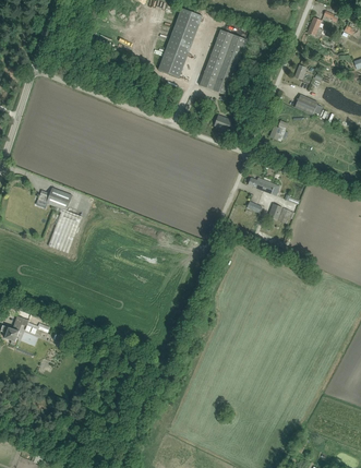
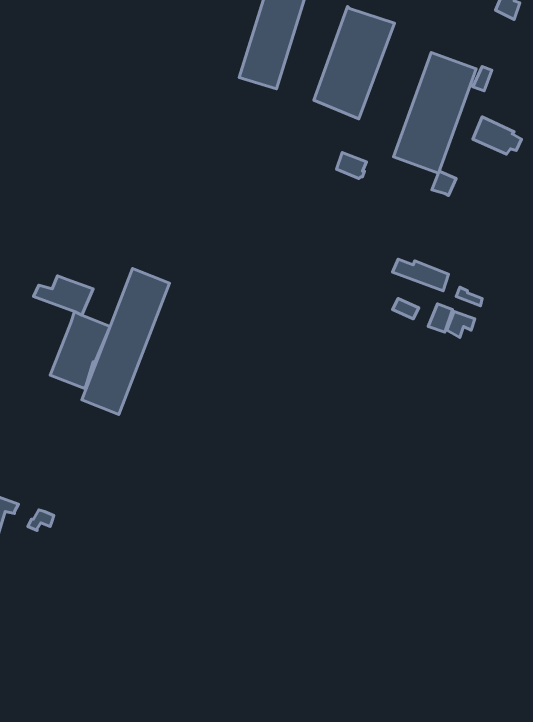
building: none -> [394,52,476,173]
building: none -> [82,268,169,414]

